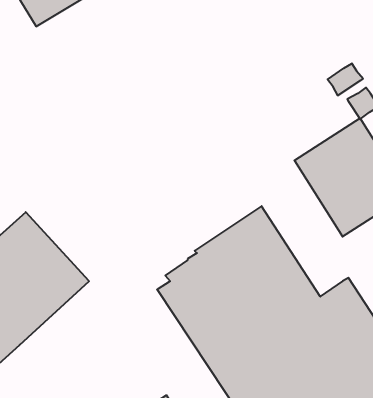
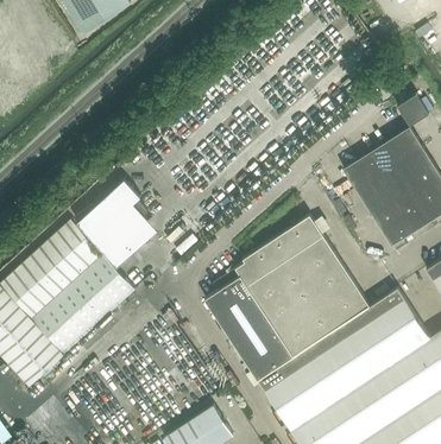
building: [328,63,363,96] -> none
building: none -> [77,179,151,267]

